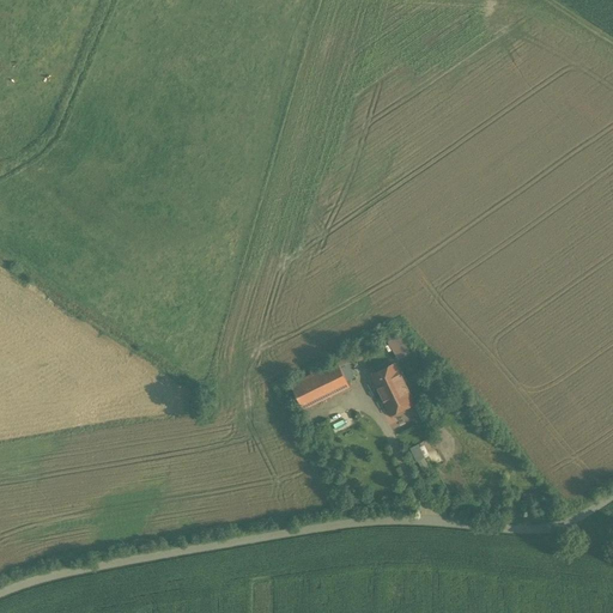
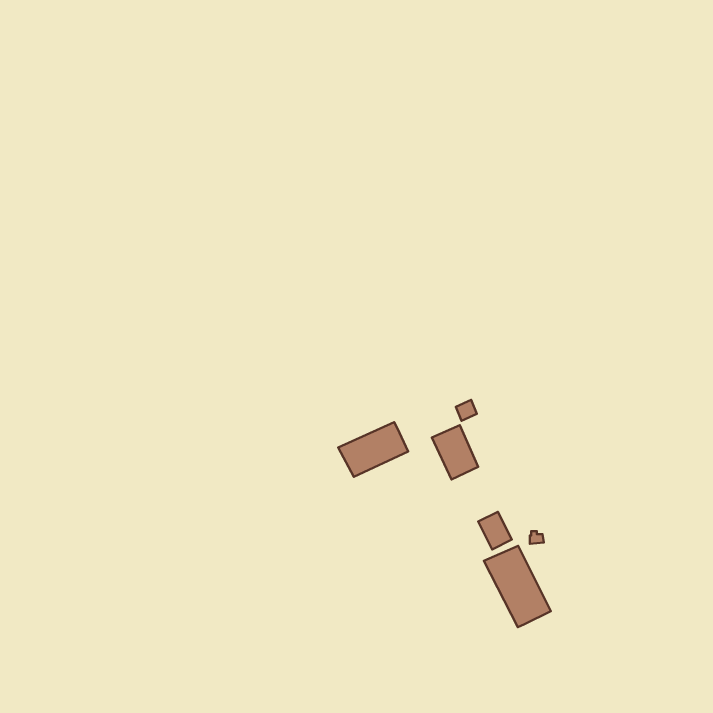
building: none -> [484,546,551,627]

